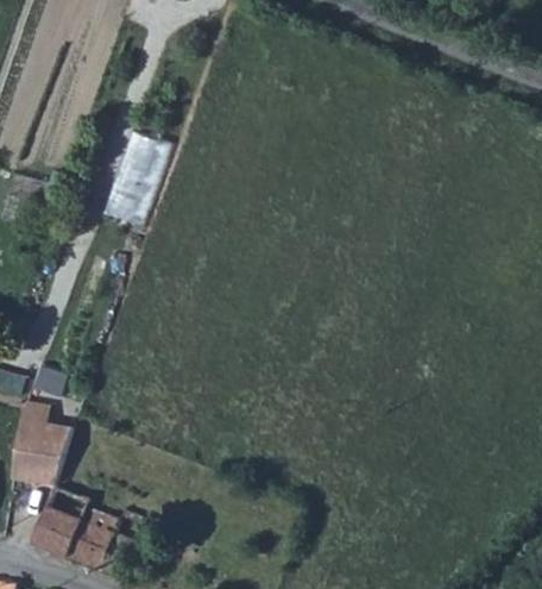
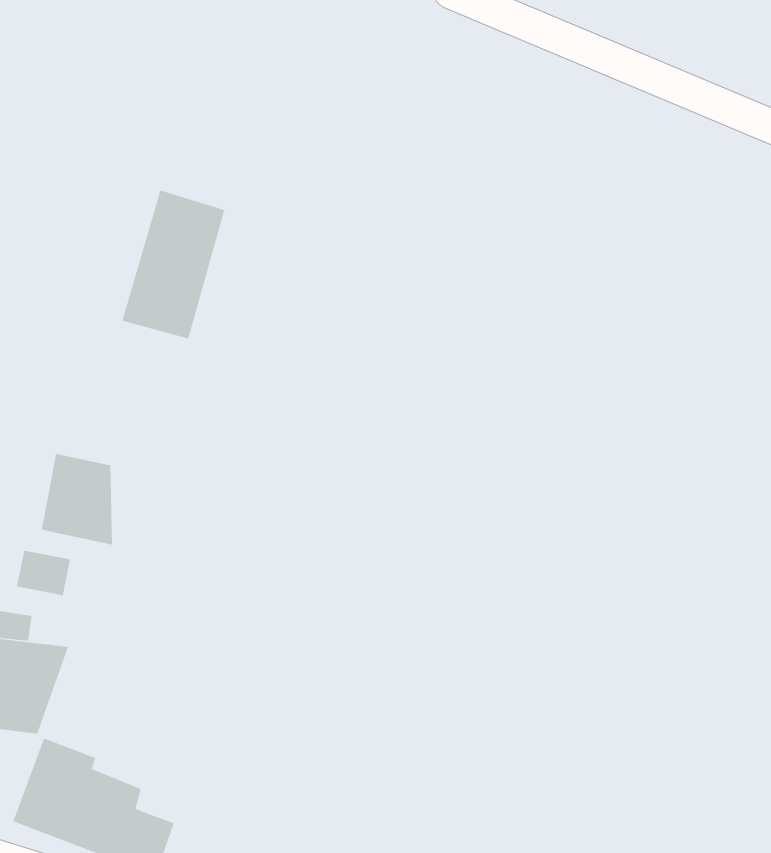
building: none -> [41,453,112,546]

